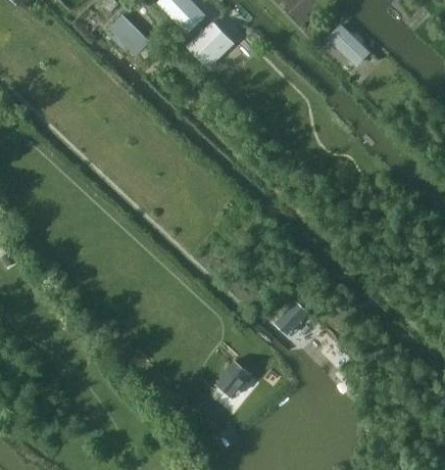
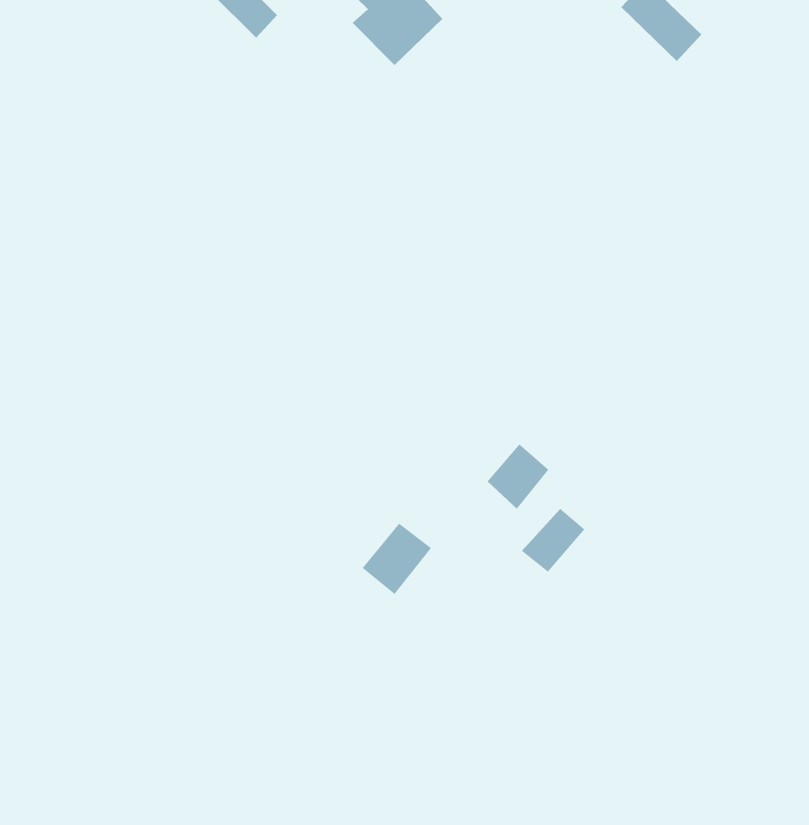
building: none -> [487,444,549,509]
building: [215,360,252,397] -> [362,523,432,595]

